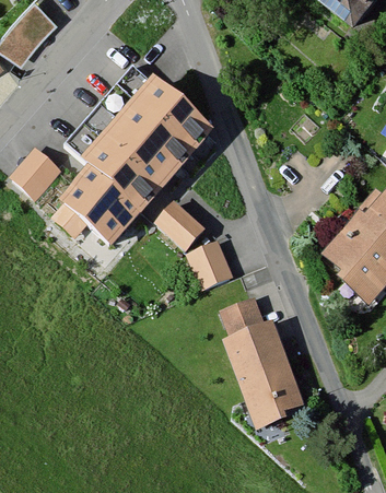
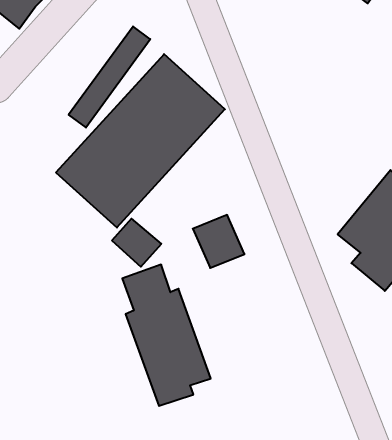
building: [7,139,60,192] -> none
building: [154,202,201,248] -> [112,219,161,267]
building: [220,296,304,431] -> [122,265,211,406]

